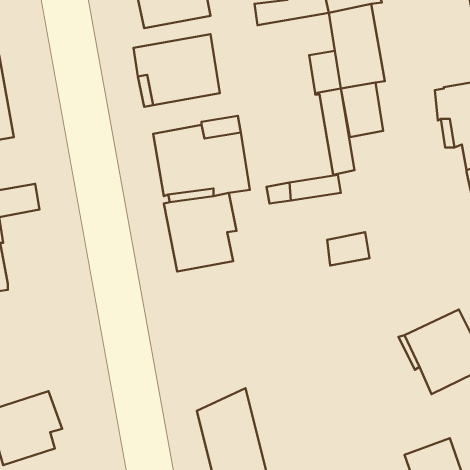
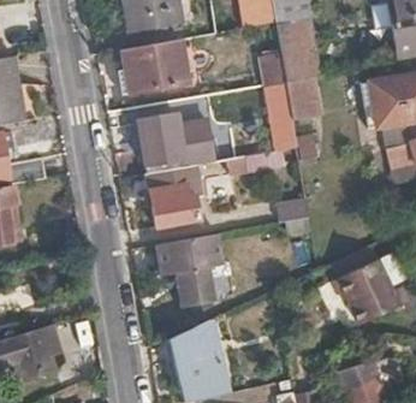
building: none -> [154,233,222,307]

